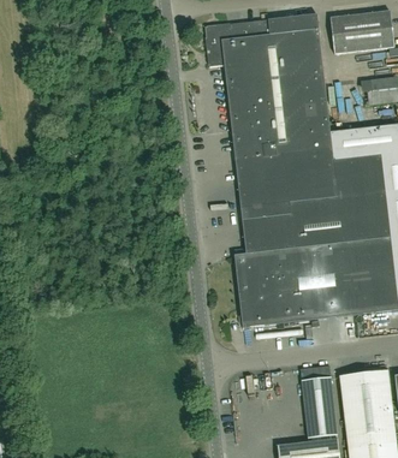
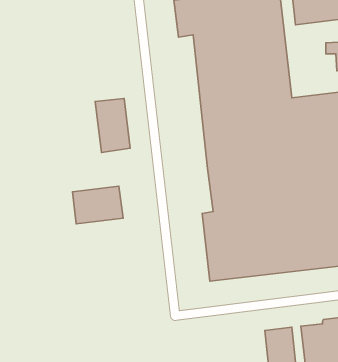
building: none -> [95,98,130,152]
building: none -> [73,186,123,224]

